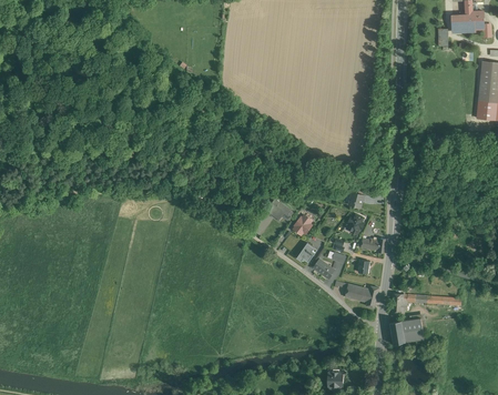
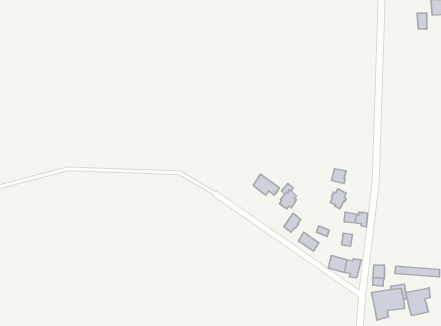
building: none -> [406,288,430,316]

